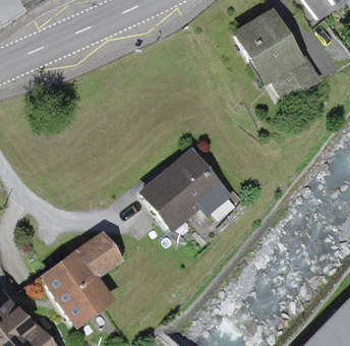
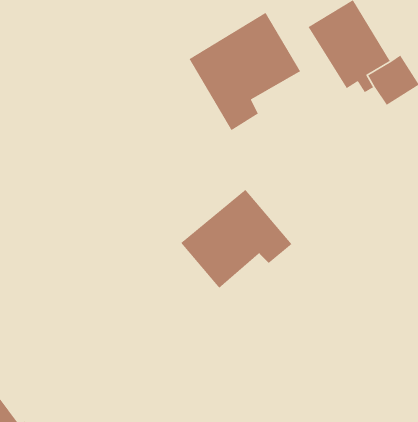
building: none -> [189,12,301,131]
building: [43,234,117,319] -> none

